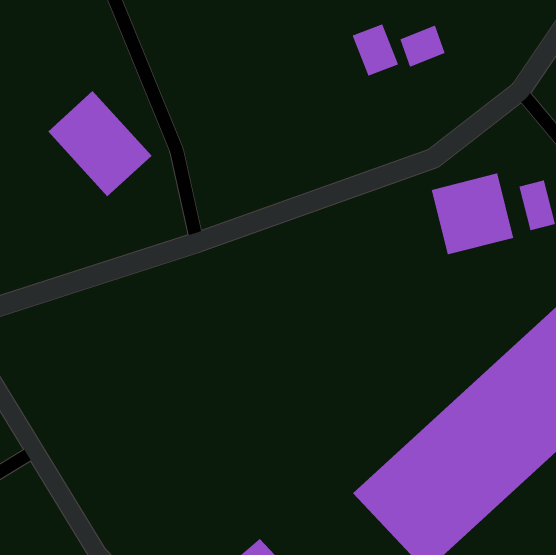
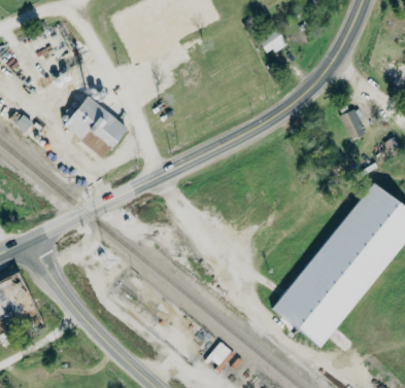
building: [352,23,399,77] -> none
building: [431,173,514,255] -> none

